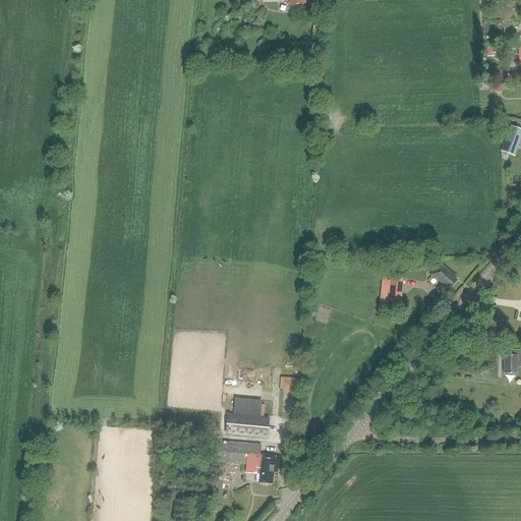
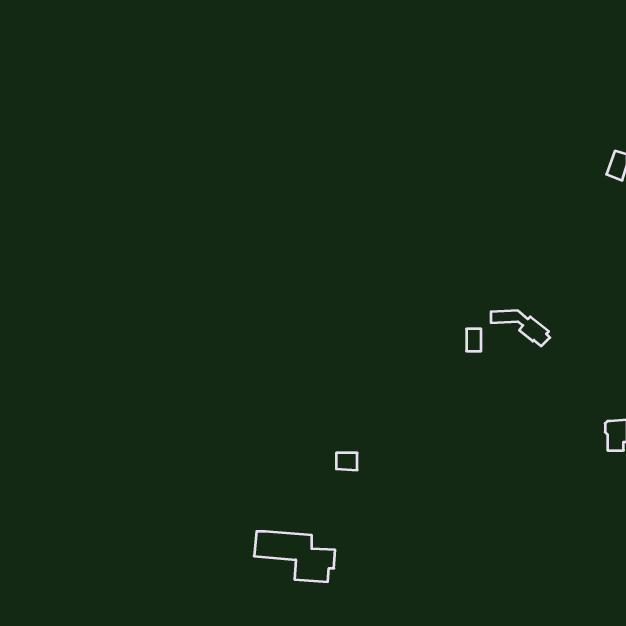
building: [226,397,270,438] -> none

